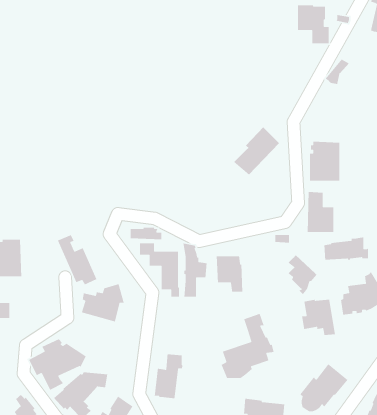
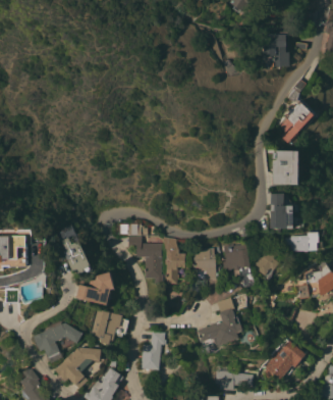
building: [233,126,280,175] -> [274,101,314,143]
building: [301,299,336,336] -> [221,244,251,276]
building: none -> [91,309,127,345]

